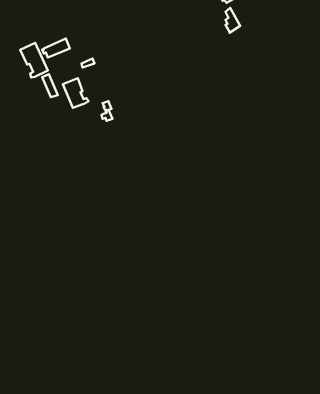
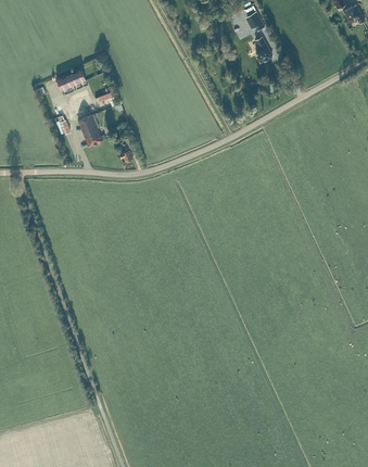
building: [20,43,48,78] -> none

